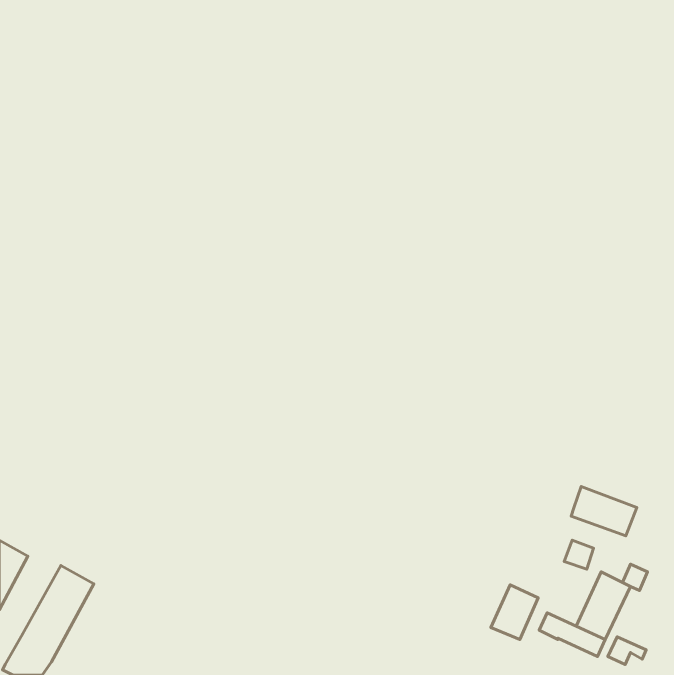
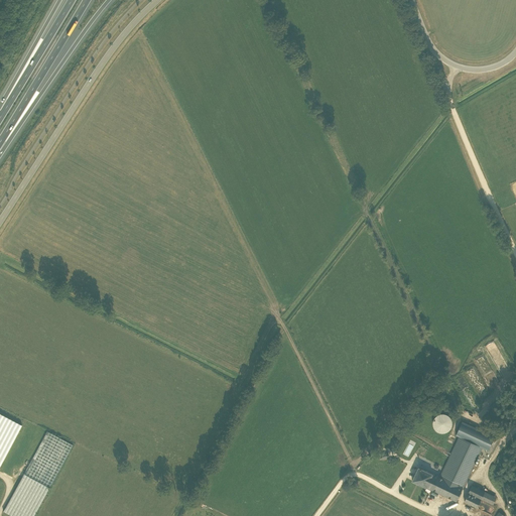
building: [571,487,637,536] -> none
building: [491,585,538,640] -> none

